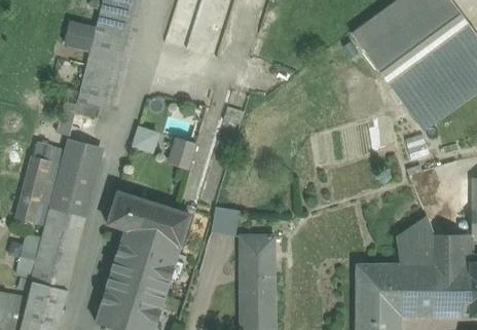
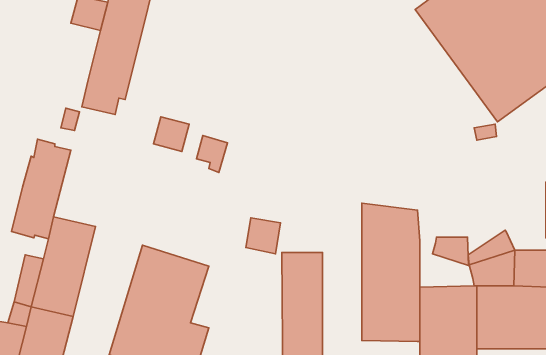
building: [50,145,102,214] -> none
building: [107,192,190,247] -> none
building: none -> [362,203,420,342]
building: none -> [433,237,468,266]

